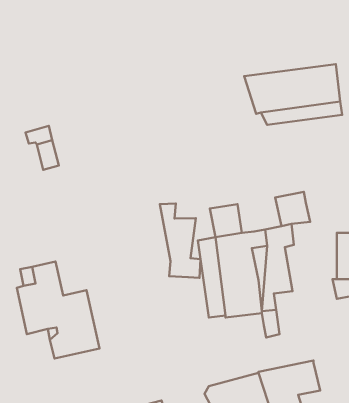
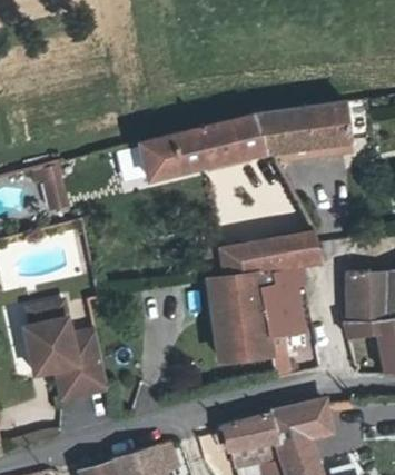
building: none -> [139,115,266,178]
building: none -> [247,237,292,273]
building: [160,204,200,278] -> none

